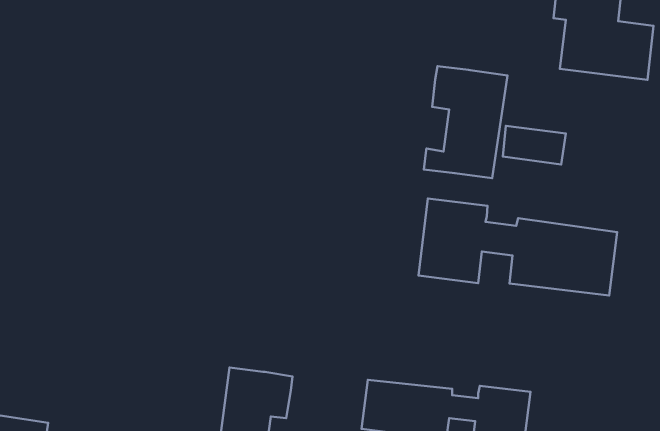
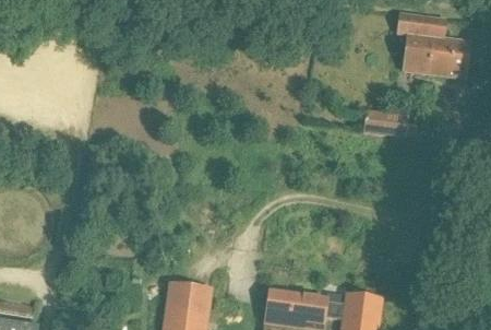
building: [424,66,508,178] -> none
building: [418,198,617,295] -> none

